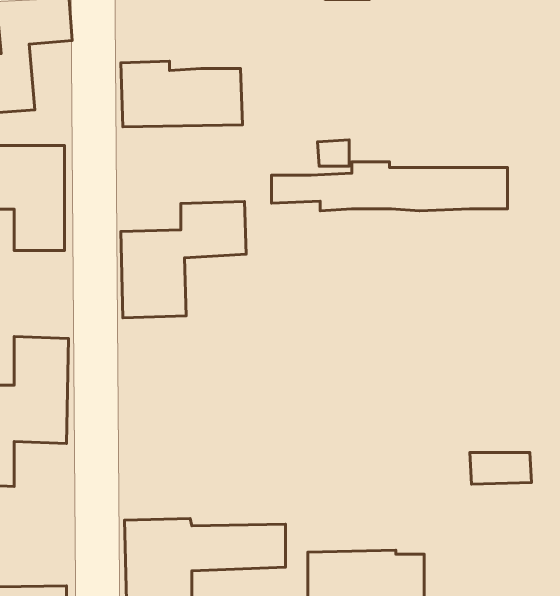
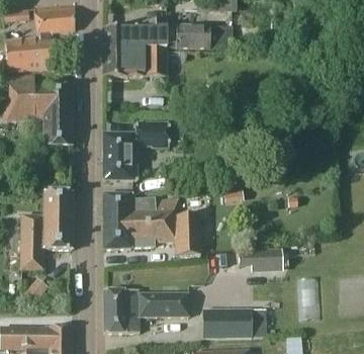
building: [271,162,507,211] -> [101,20,229,47]
building: none -> [101,191,201,256]
building: [470,452,532,484] -> [249,248,282,265]

